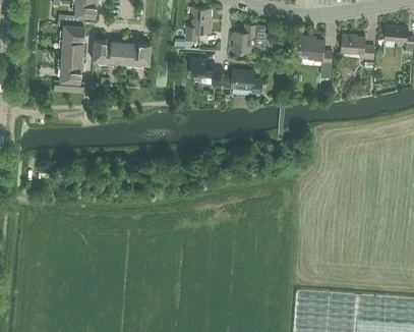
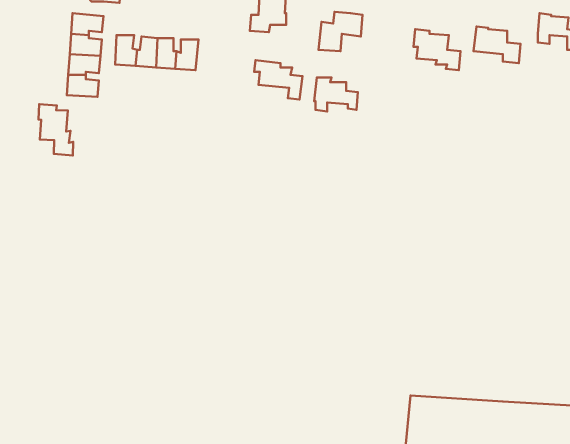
building: none -> [38,104,73,156]

